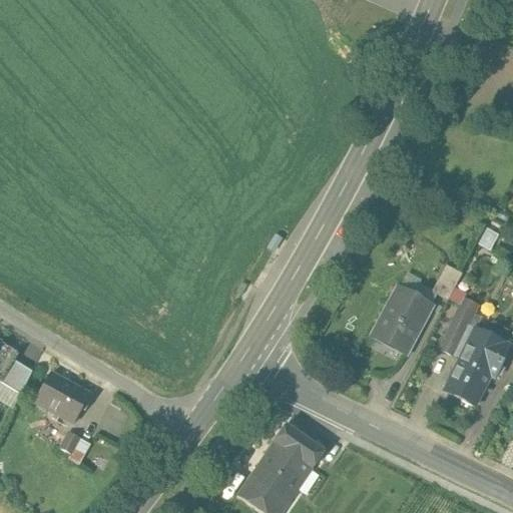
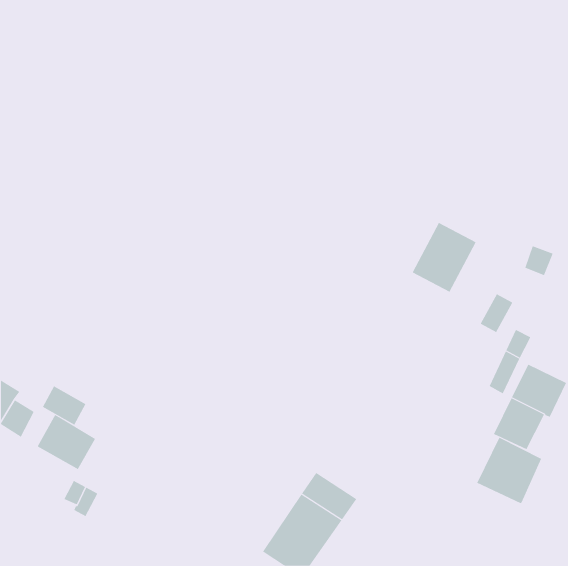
building: [375,286,433,349] -> [412,222,477,293]
building: none -> [42,385,86,425]
building: none -> [477,437,542,504]

